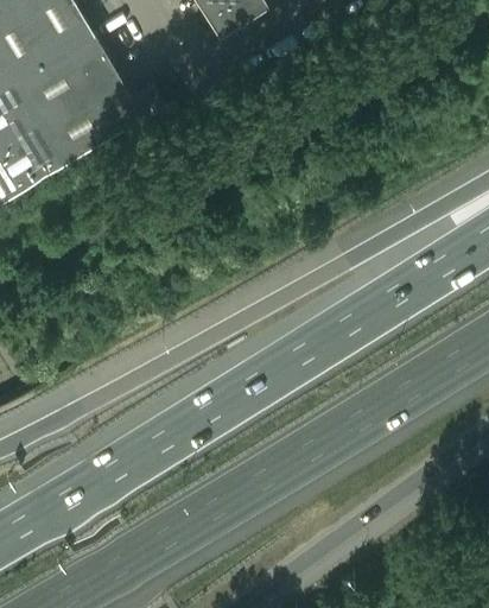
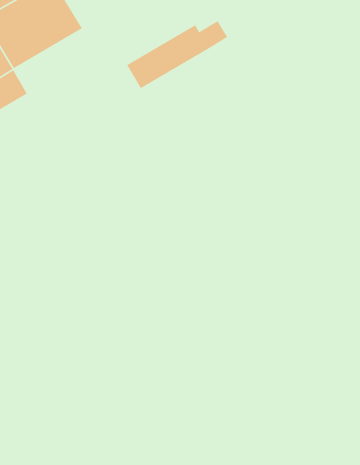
building: [40,76,159,157] -> [126,20,228,89]

